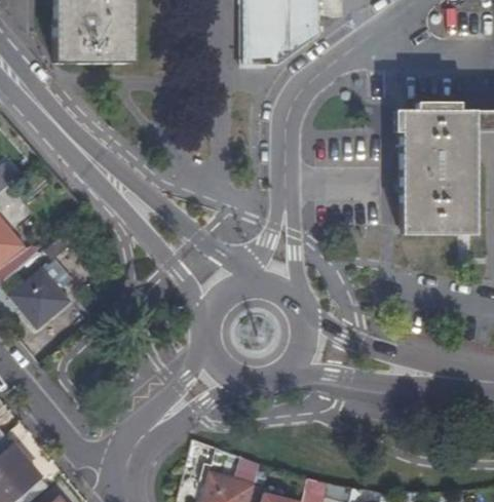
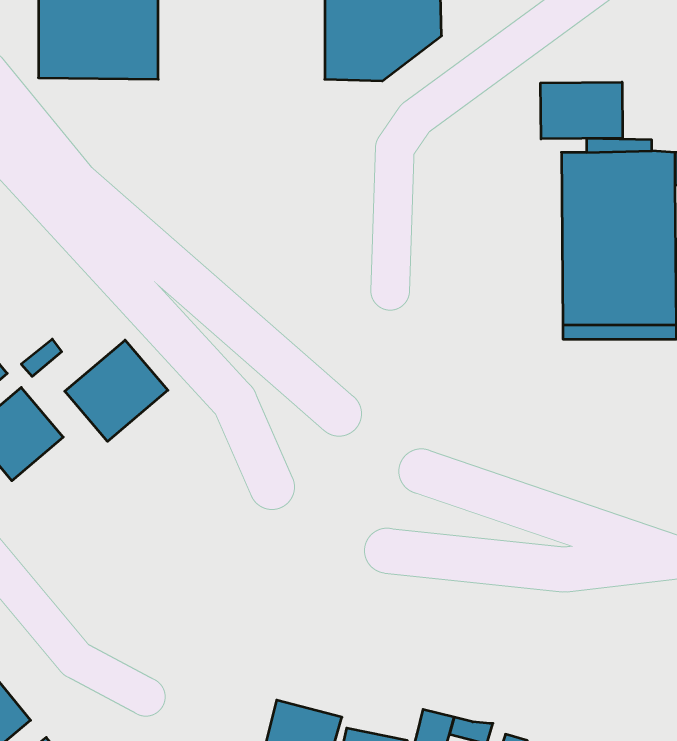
building: none -> [541,82,623,139]
building: none -> [65,340,168,441]

